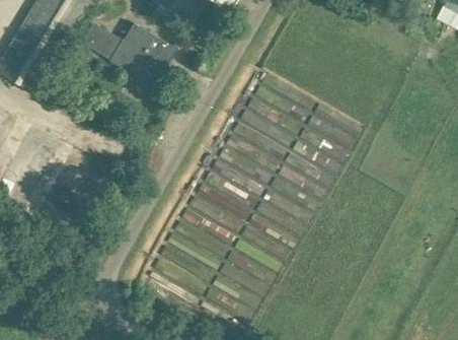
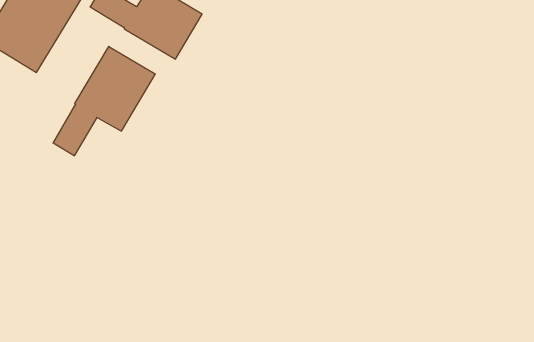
building: none -> [53,46,155,156]

